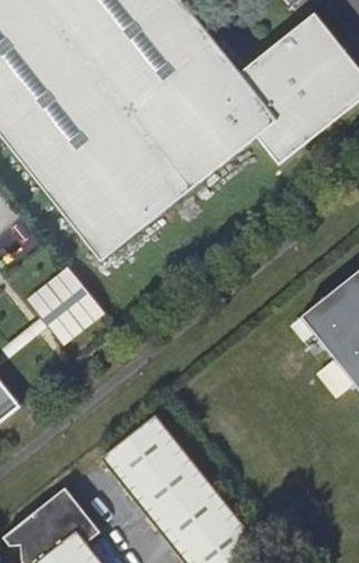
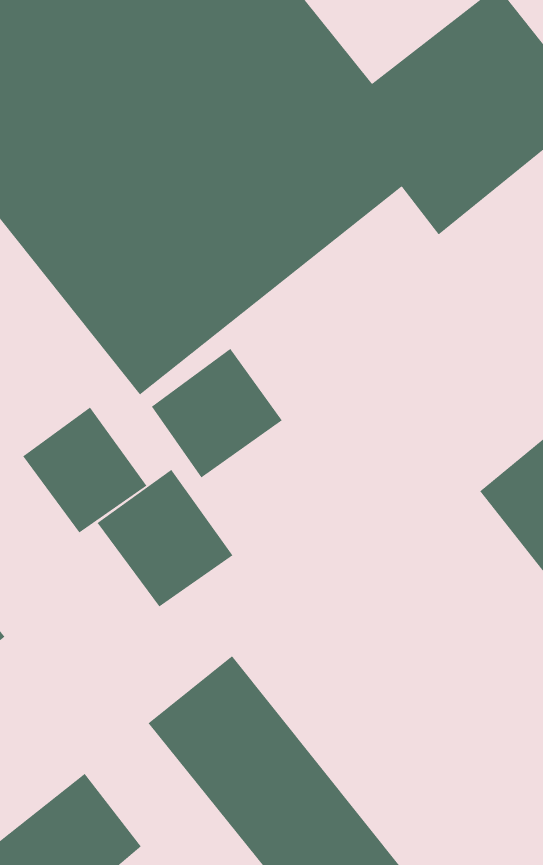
building: none -> [151,348,283,479]
building: none -> [97,469,233,608]

